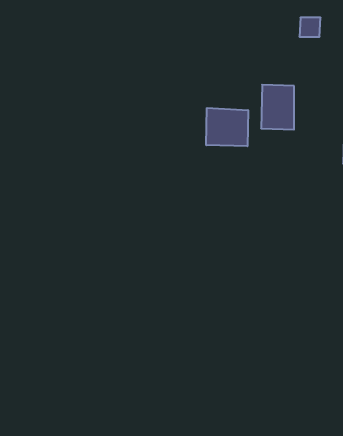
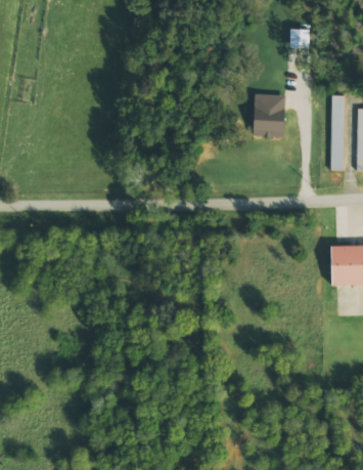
building: [206,108,248,146] -> none

